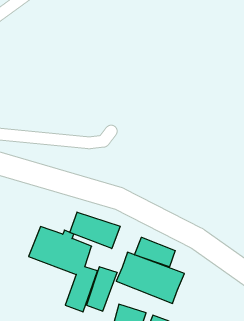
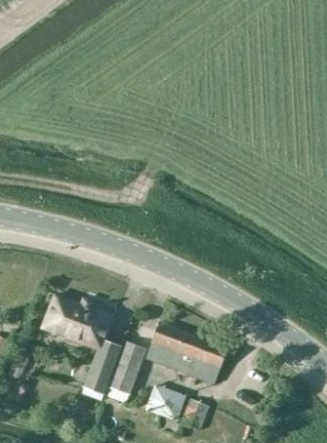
building: [70,212,120,249] -> none
building: [135,237,175,267] -> none

